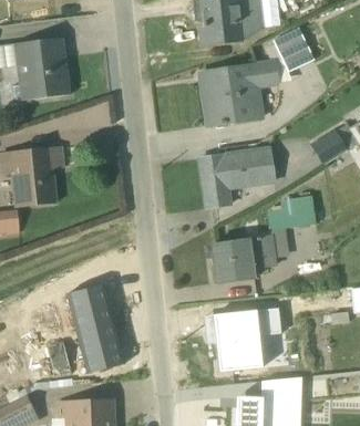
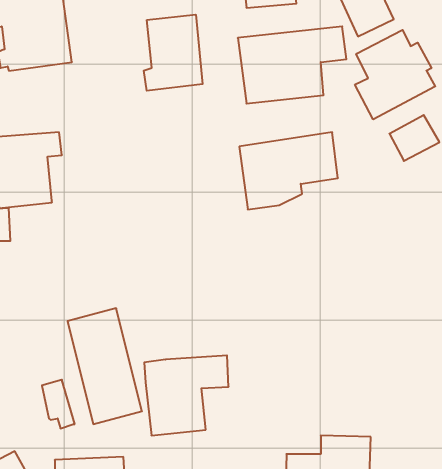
building: none -> [144,15,203,91]
building: none -> [355,30,435,119]
building: [212,194,316,282] -> none
building: [214,308,279,370] -> [144,355,229,435]

